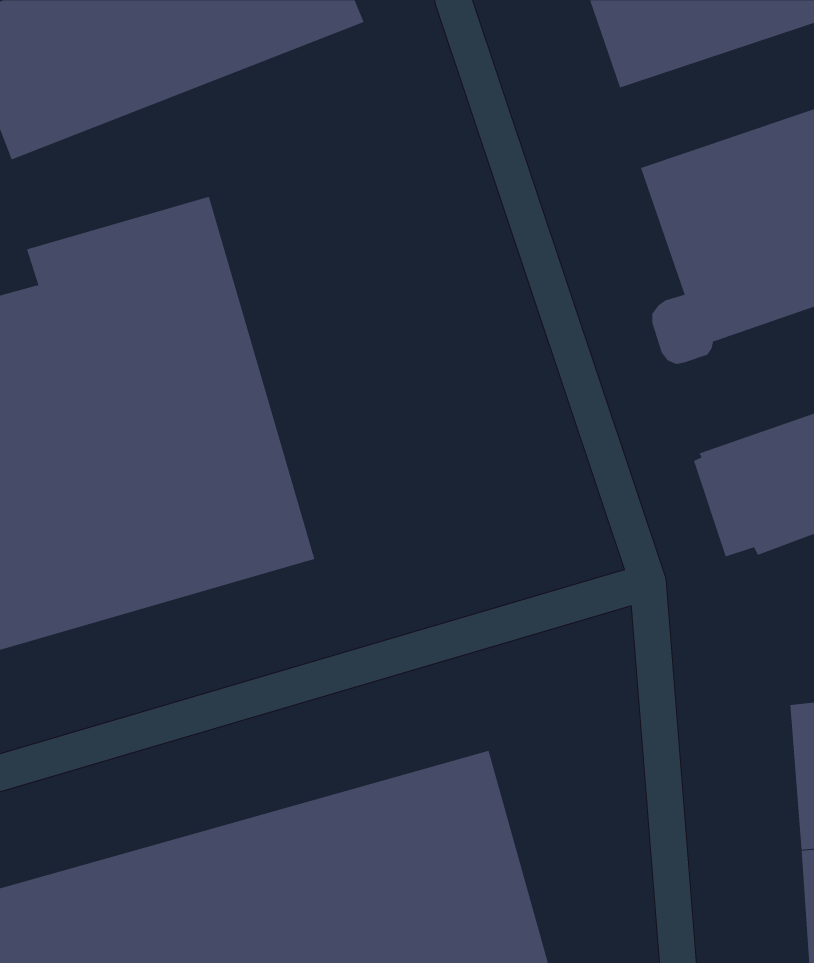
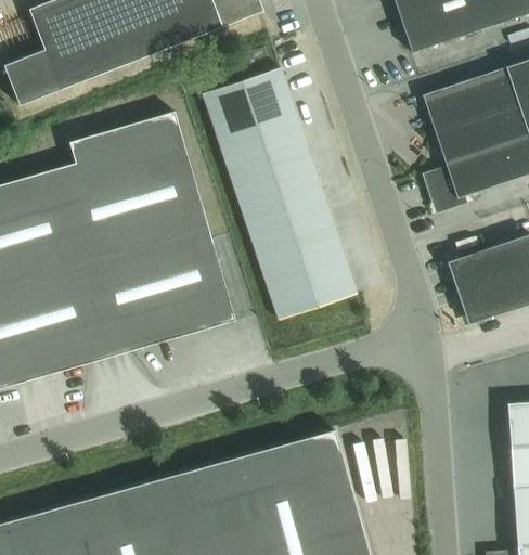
building: none -> [203,69,357,321]

